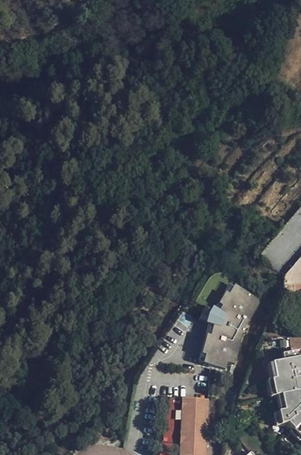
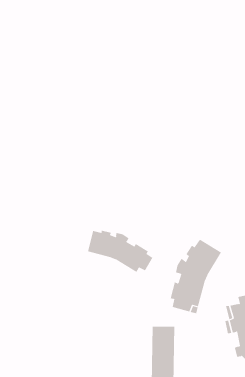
building: none -> [87,230,153,273]

